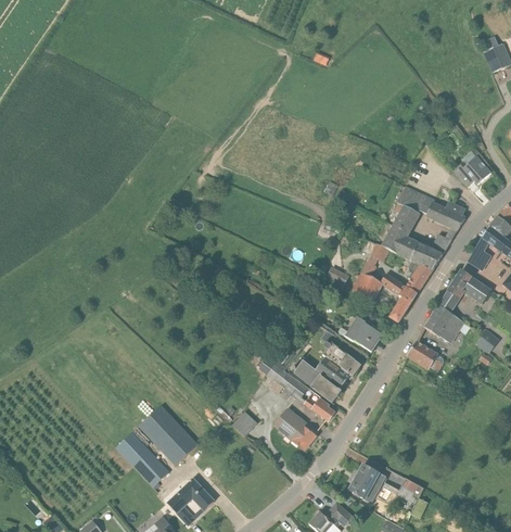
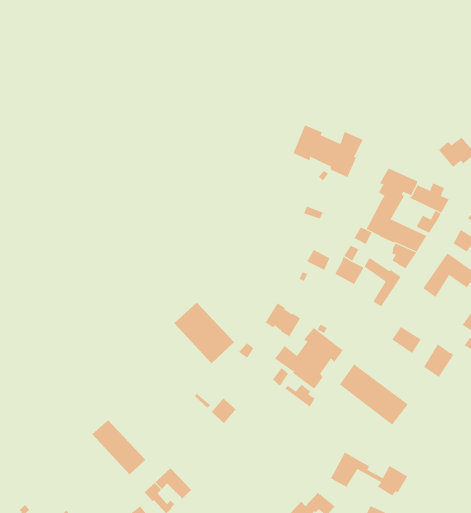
building: none -> [293,125,363,178]
building: [424,304,455,338] -> [423,344,454,378]
building: [345,316,383,351] -> [265,303,304,338]
building: none -> [339,364,408,426]
building: [139,405,199,466] -> [173,302,235,364]
building: [273,408,316,451] -> none

